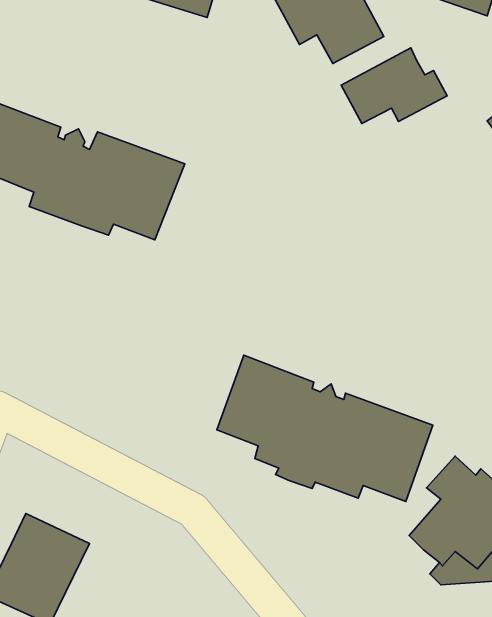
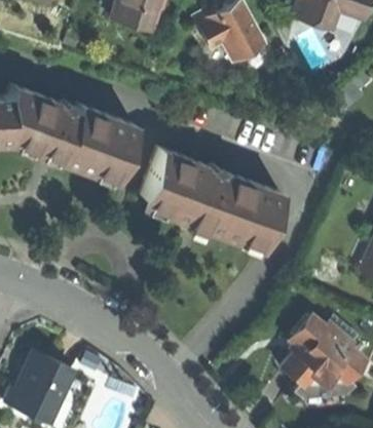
building: [341,48,447,124] -> none
building: [217,355,433,501] -> [144,149,284,243]

